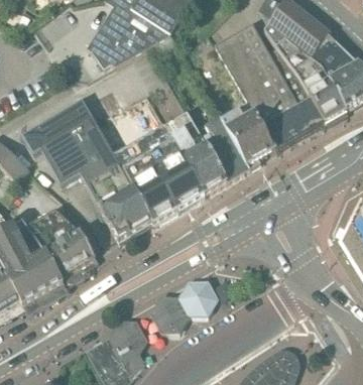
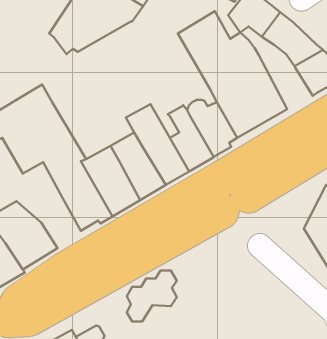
building: [276,39,348,121] -> none

